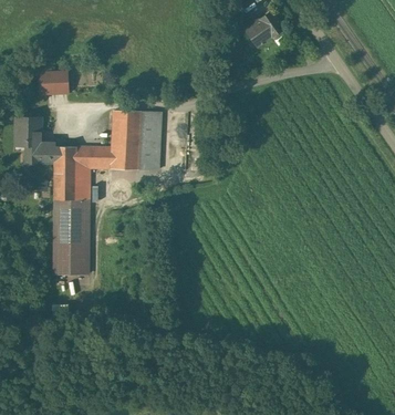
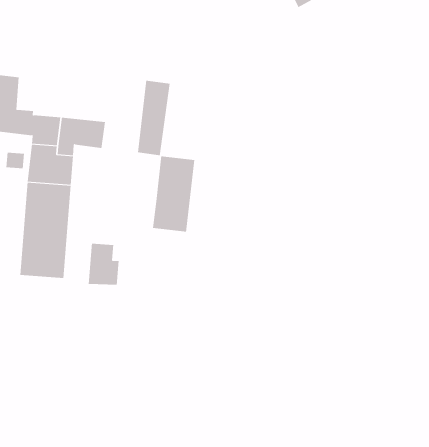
building: [39,70,70,95] -> none
building: [111,111,141,169] -> [152,156,195,232]
building: none -> [88,243,119,285]

